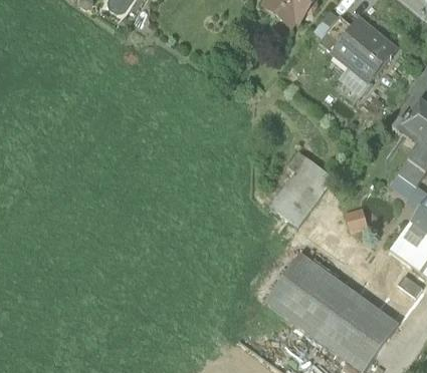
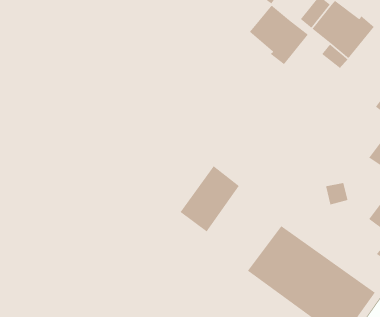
building: none -> [249,5,309,65]
building: [270,154,333,224] -> [179,165,240,233]

